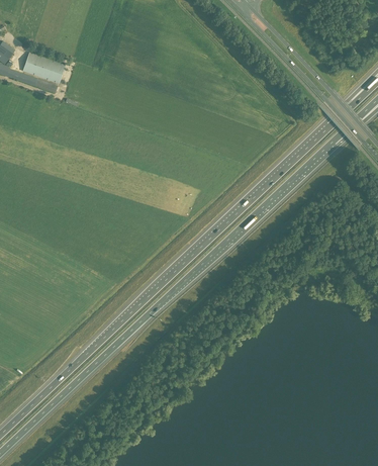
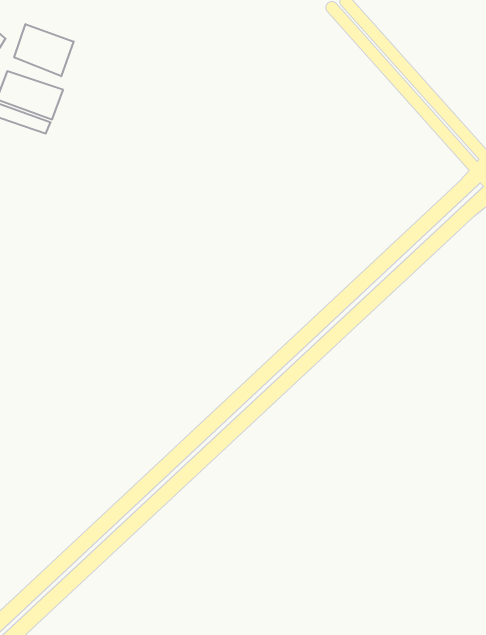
building: none -> [14,24,74,76]

